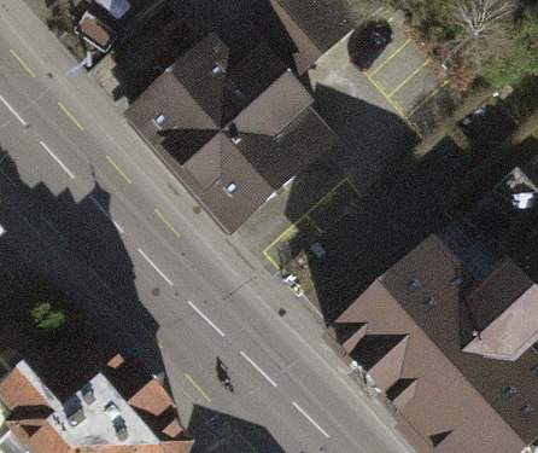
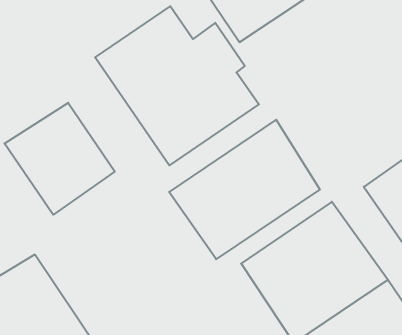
building: none -> [169,120,320,259]
building: none -> [4,103,115,215]

